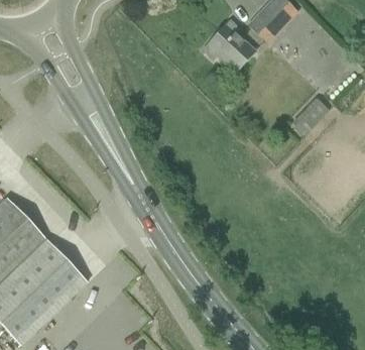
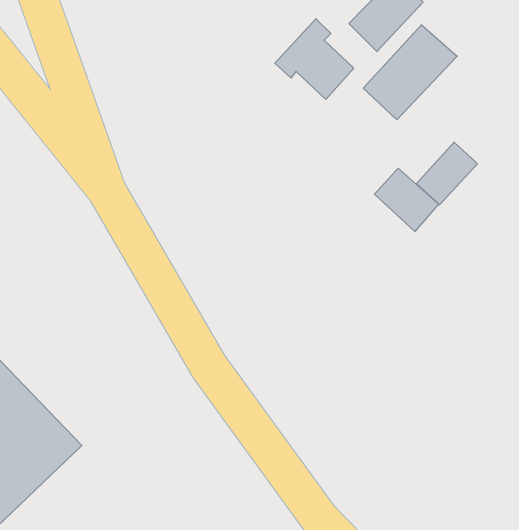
building: none -> [363,25,457,120]
building: none -> [374,168,438,232]

